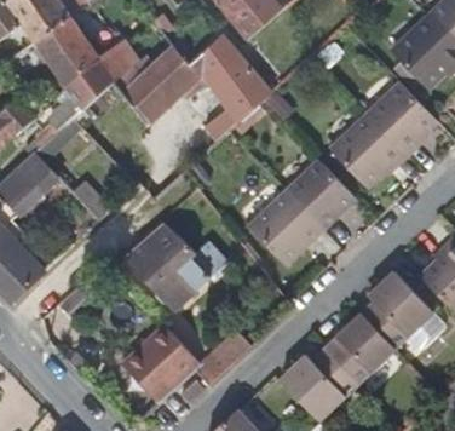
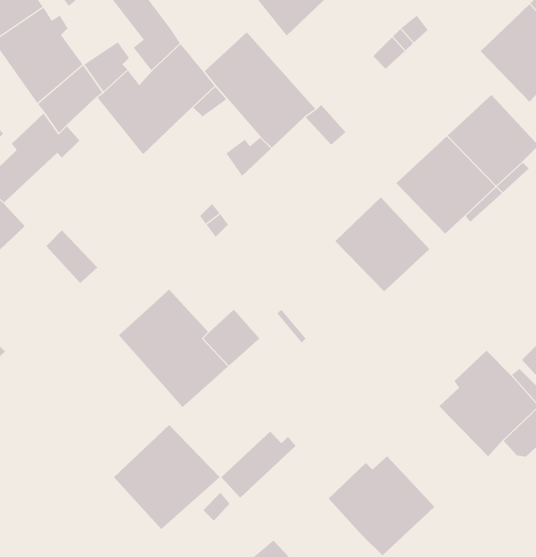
building: [247,190,321,264] -> none
building: [323,311,397,385] -> none

